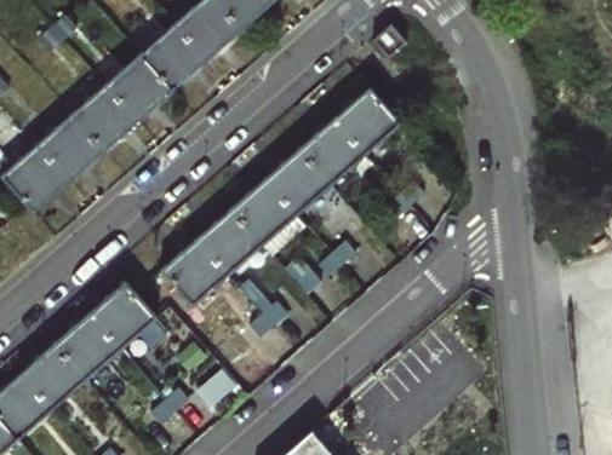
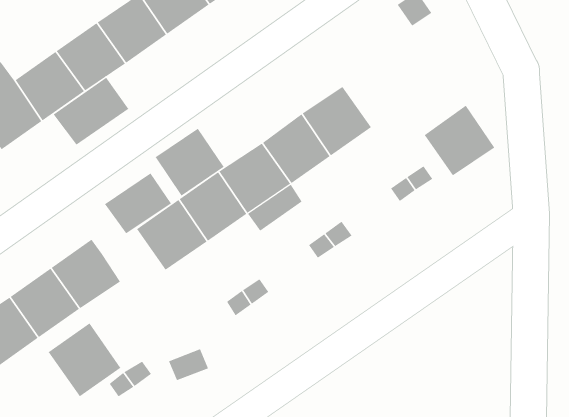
building: [331,90,396,155] -> [424,105,495,176]
building: none -> [53,77,129,146]
building: none -> [155,128,224,196]
building: none -> [104,172,172,234]
building: none -> [48,323,121,397]

